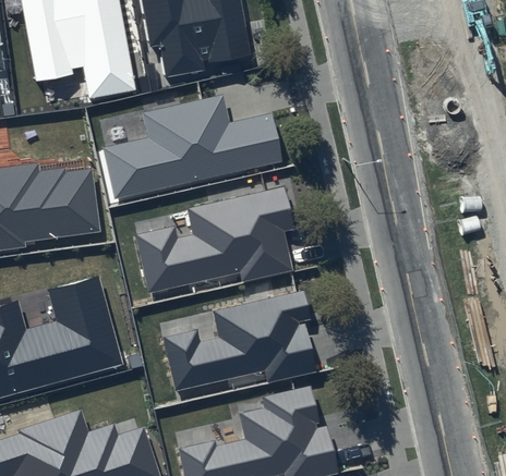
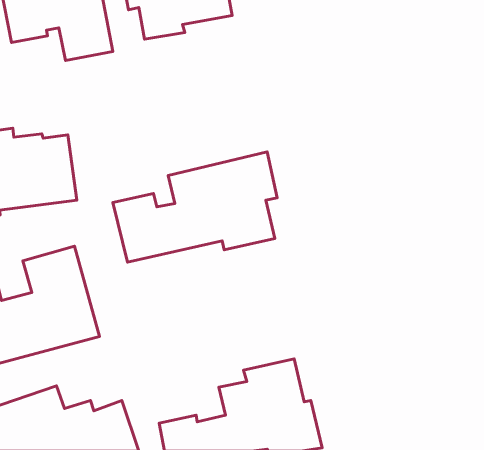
building: [103,96,282,200] -> none
building: [161,288,318,394] -> none

